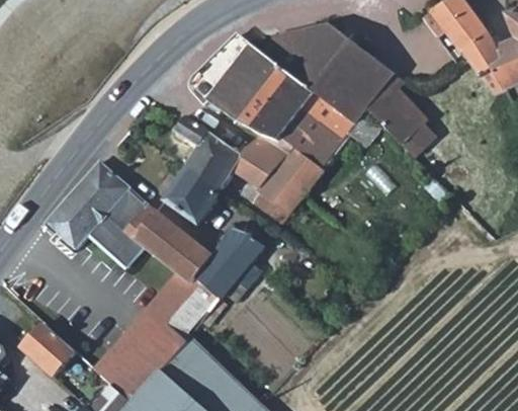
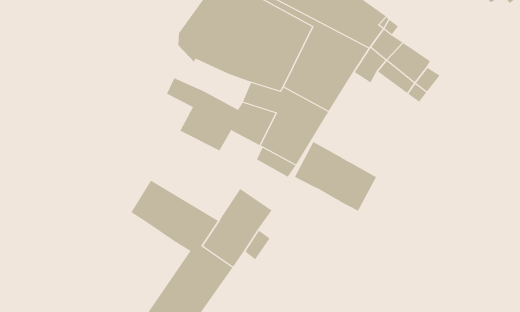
building: [46,161,154,269] -> none
building: [164,167,221,224] -> none
building: none -> [294,141,377,211]

